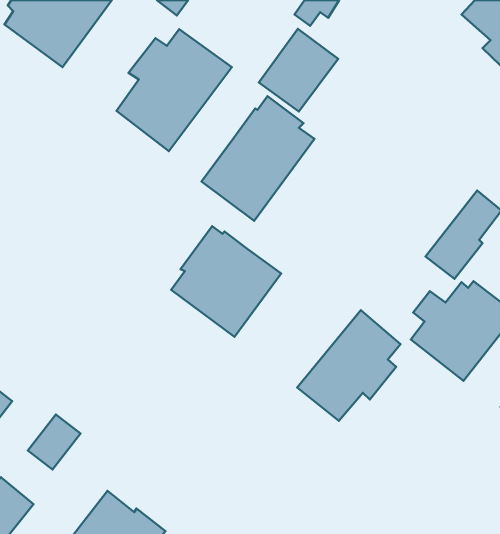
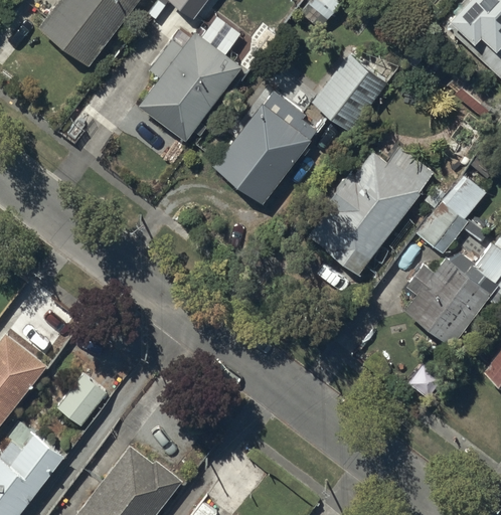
building: [259,29,338,112] -> [314,55,385,130]
building: none -> [312,144,434,273]
building: [171,226,281,337] -> none
building: [297,310,401,421] -> none

